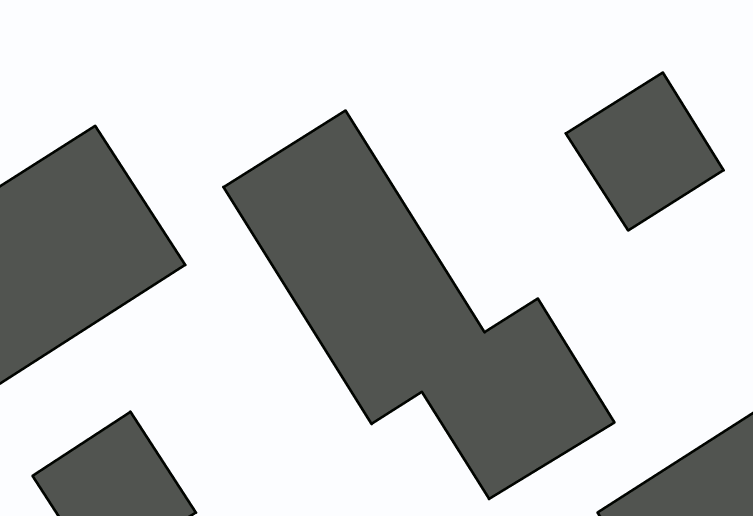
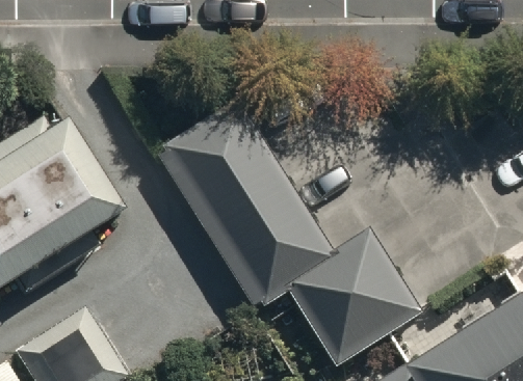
building: [566,73,724,230] -> none

